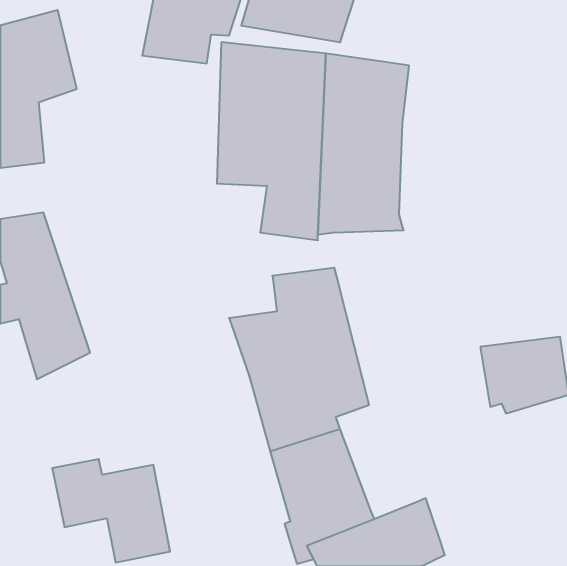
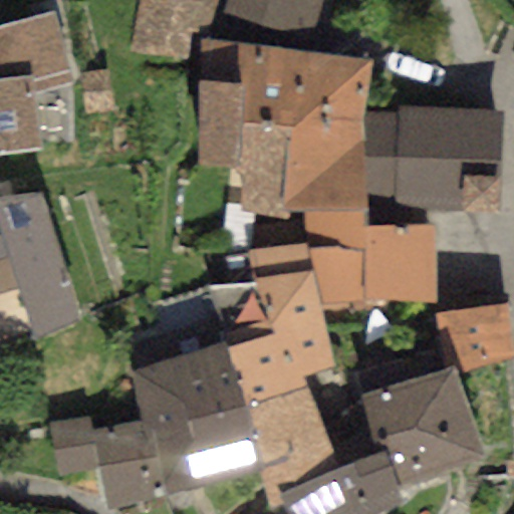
building: none -> [361,105,502,212]
building: none -> [302,208,435,313]
building: none -> [128,339,263,498]
building: none -> [361,364,488,488]

